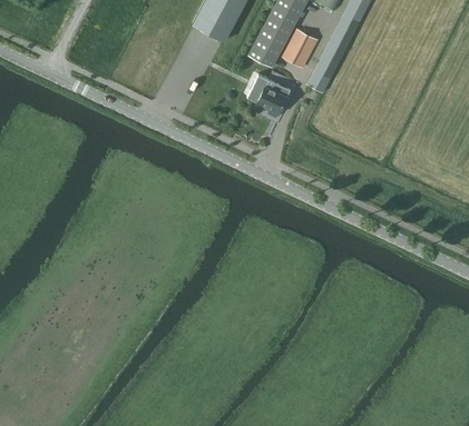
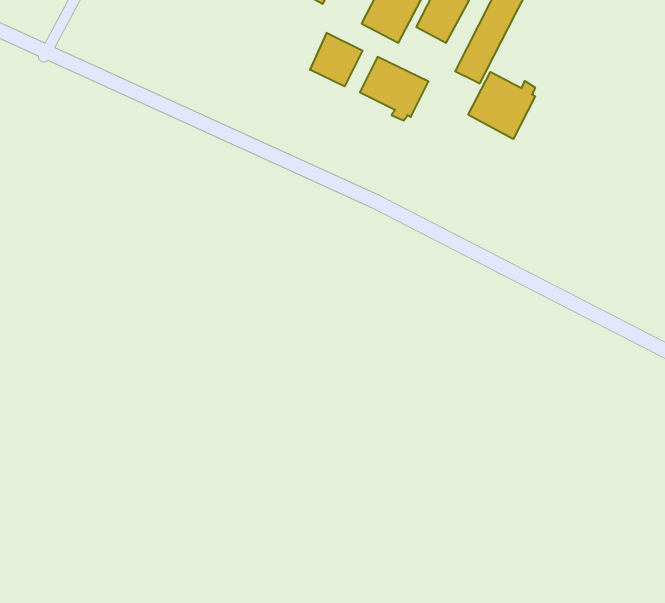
building: none -> [310,33,362,86]
building: none -> [468,72,535,139]

